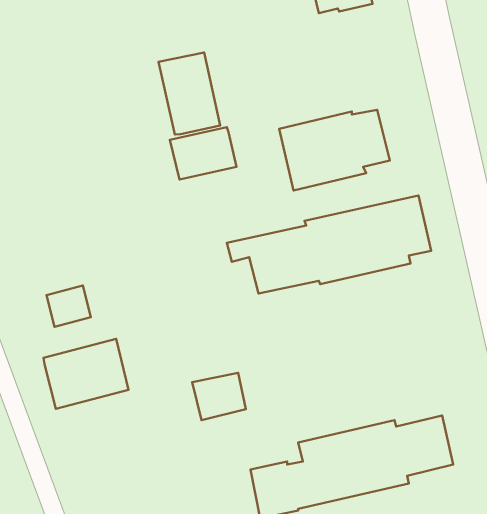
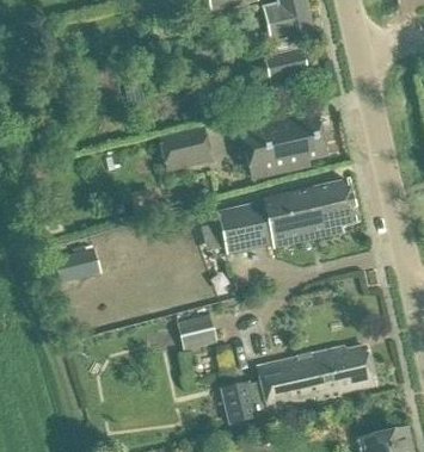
building: none -> [264,47,308,83]
building: [159,53,220,135] -> none
building: [44,339,129,409] -> none

